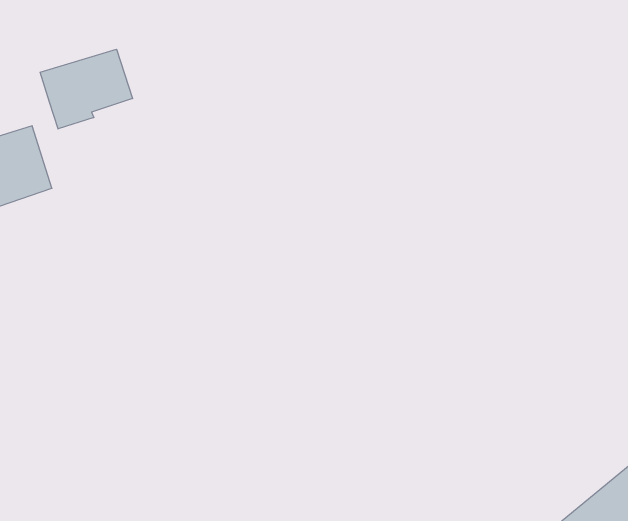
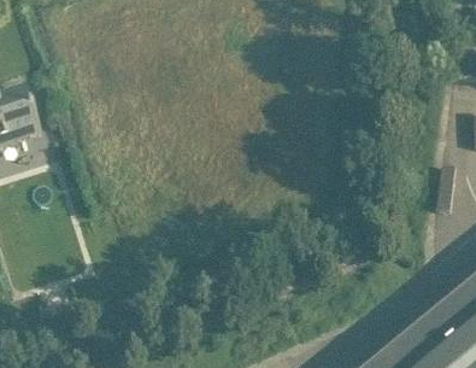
building: [40,49,133,129] -> none

